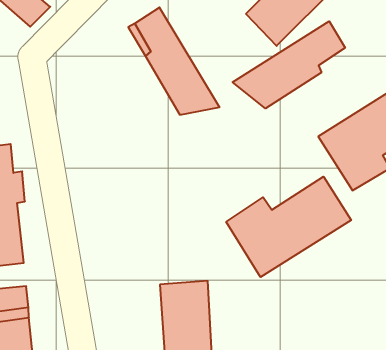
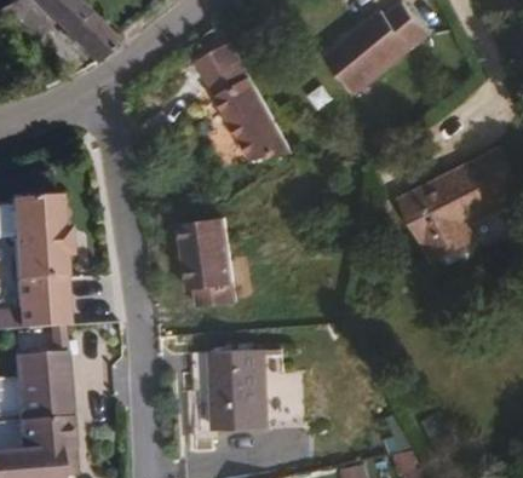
building: [233,21,345,108] -> none
building: none -> [178,219,228,307]
building: [226,177,351,277] -> none

